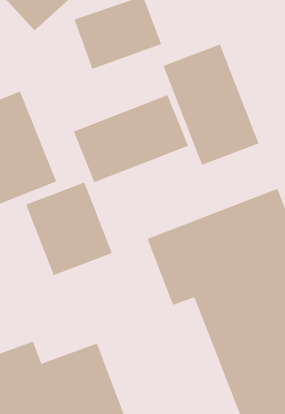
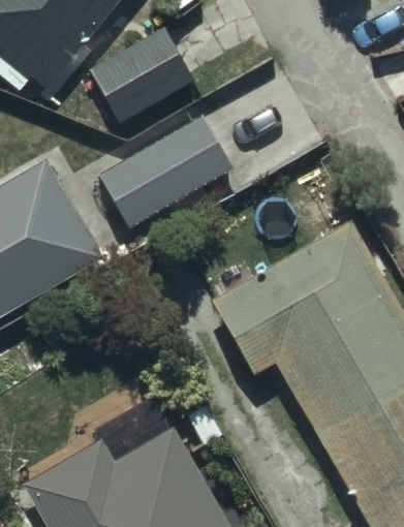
building: [162,44,260,166] -> none
building: [25,181,113,276] -> none

